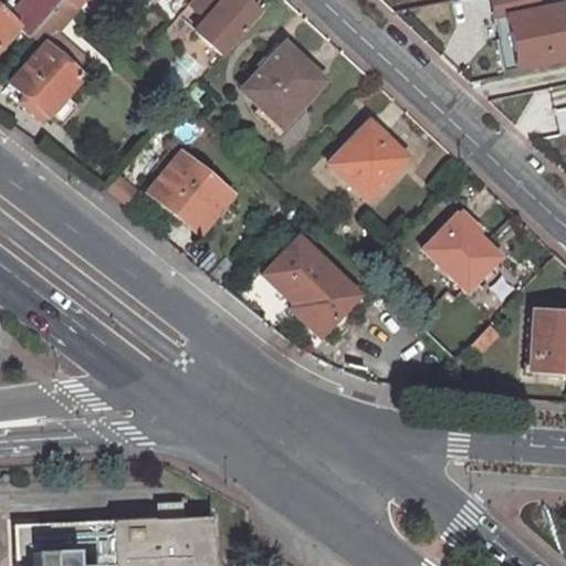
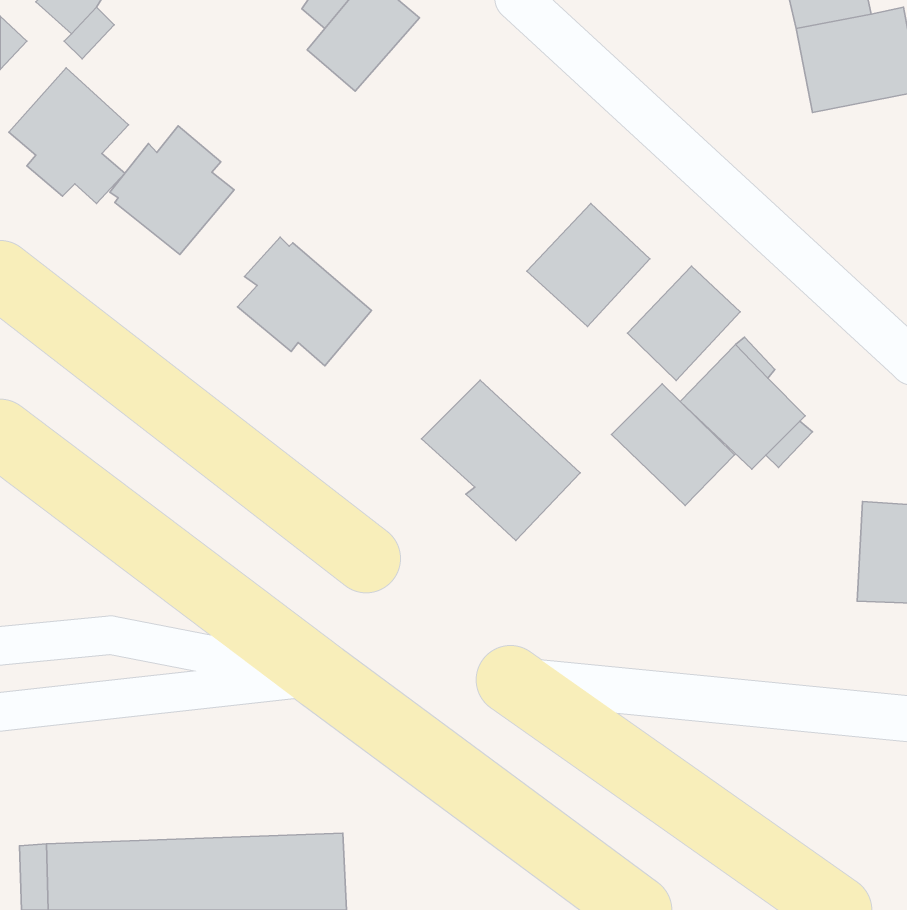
building: [247,46,326,125] -> none
building: none -> [110,126,234,255]
building: none -> [627,266,740,381]
building: none -> [611,384,734,505]

